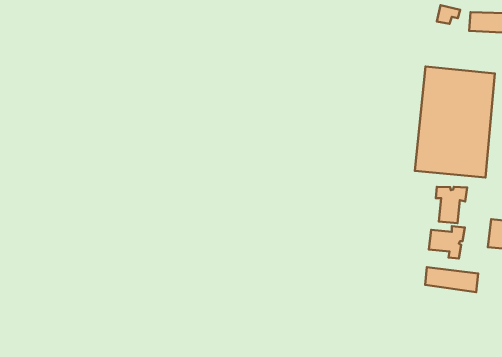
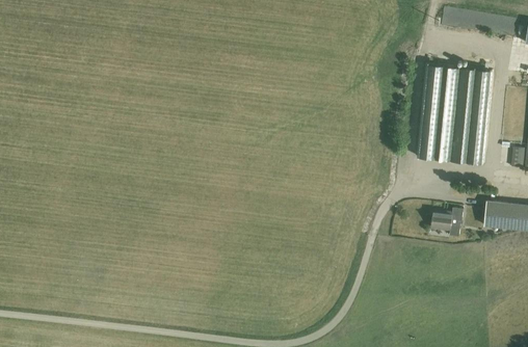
building: [436,187,467,223] -> none
building: [425,267,478,292] -> none

